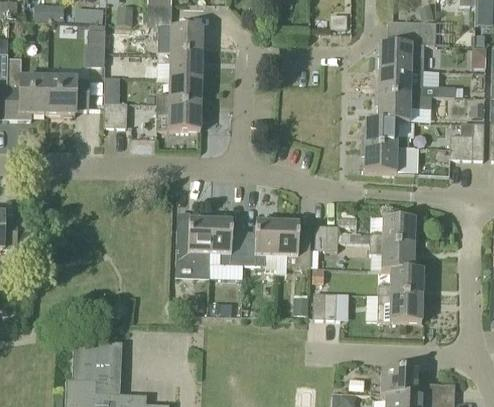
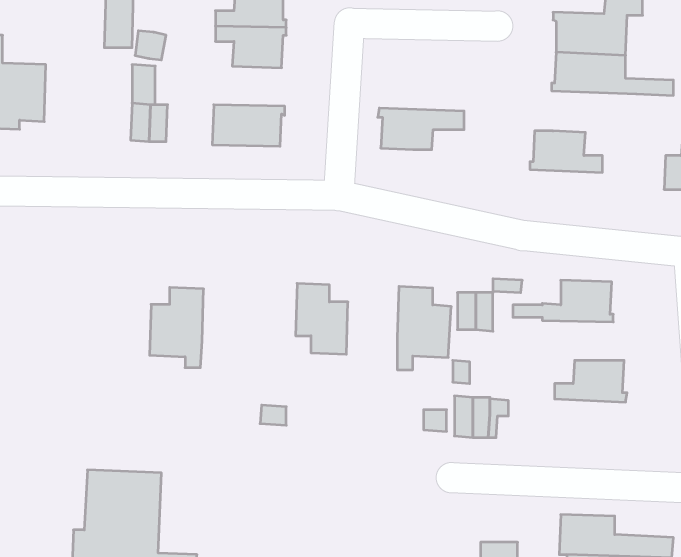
building: [47,77,89,114] -> none
building: [157,78,203,104] -> none
building: [375,94,431,121] -> [378,108,464,150]
building: [362,145,415,173] -> none
building: [176,218,211,270] -> [150,287,204,368]
building: [243,221,277,265] -> none
building: [370,243,416,269] -> none
building: [377,294,424,322] -> none

